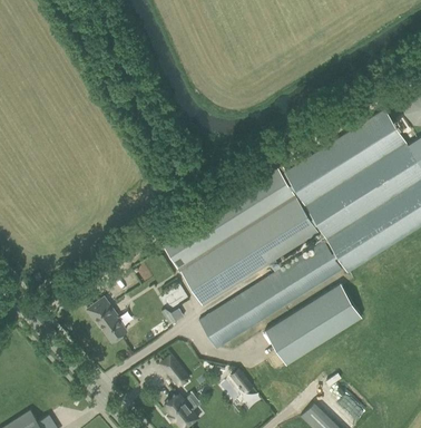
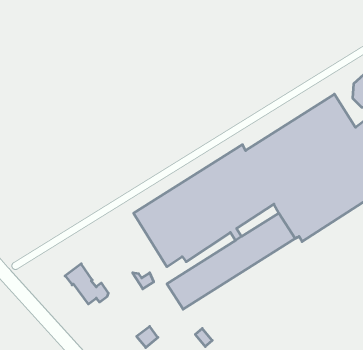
building: [266,284,362,366] -> none

